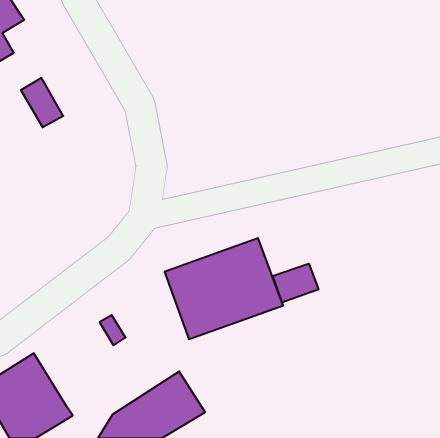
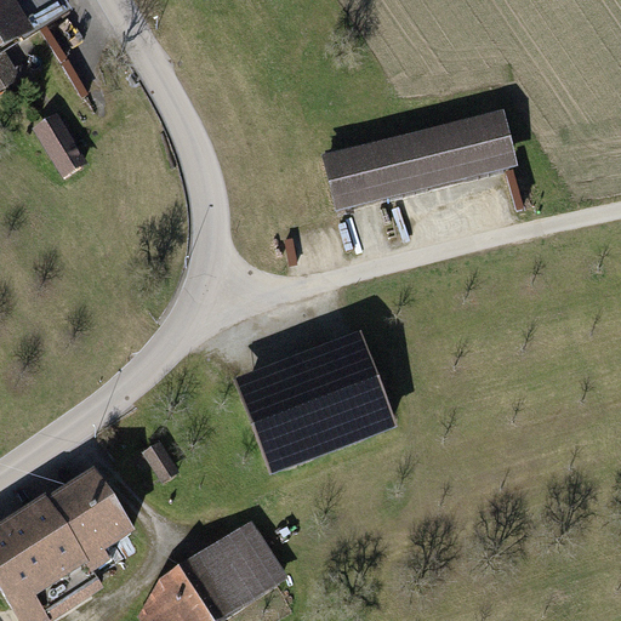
building: none -> [320,108,517,211]
building: [273,264,318,302] -> none
building: none -> [47,466,135,571]

